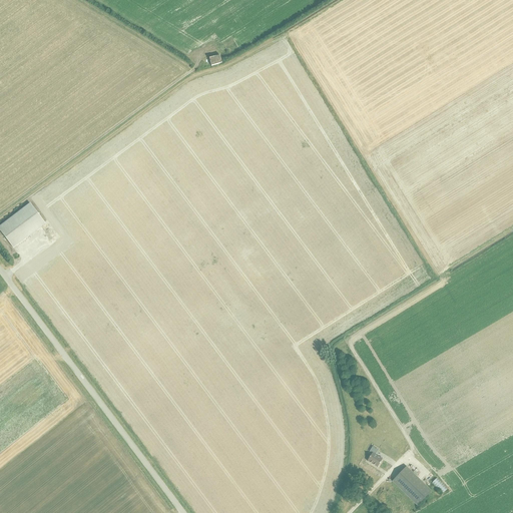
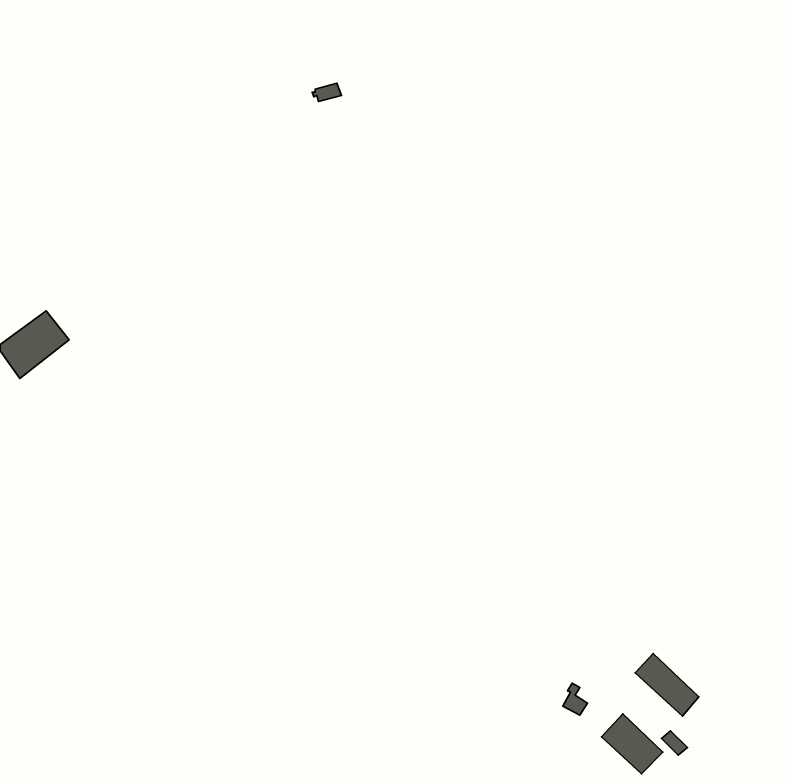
building: none -> [635,654,699,716]

